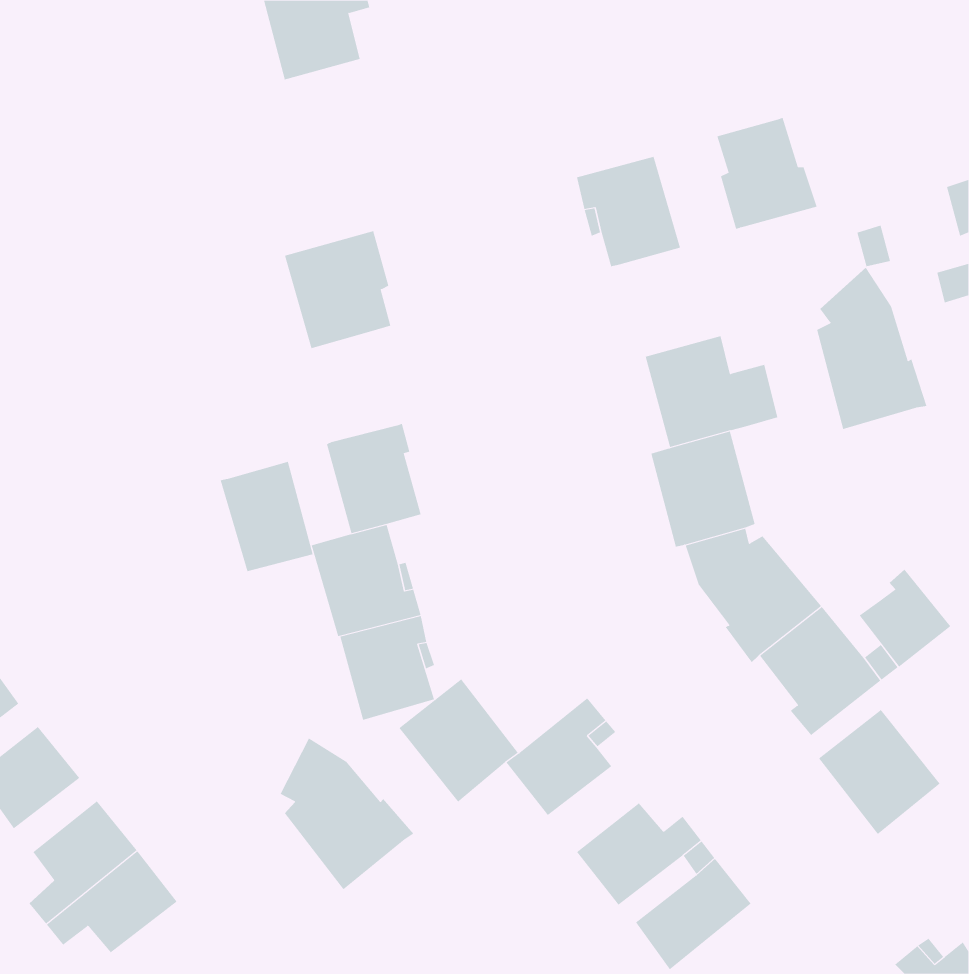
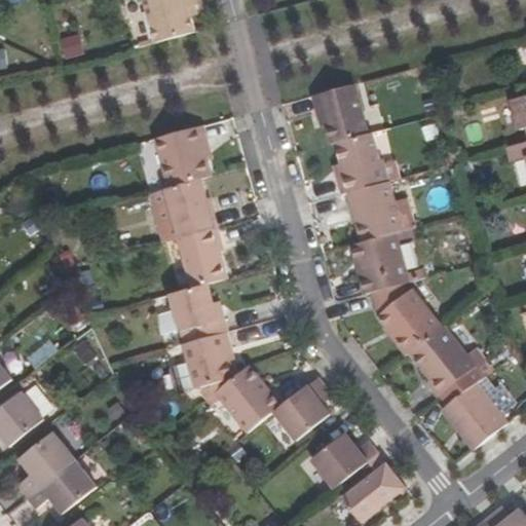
building: [716,117,817,230] -> [334,133,388,193]
building: [817,267,927,430] -> none
building: [220,461,313,572] -> [163,179,214,238]
building: [859,569,951,668] -> none
building: [280,737,414,890] -> none

